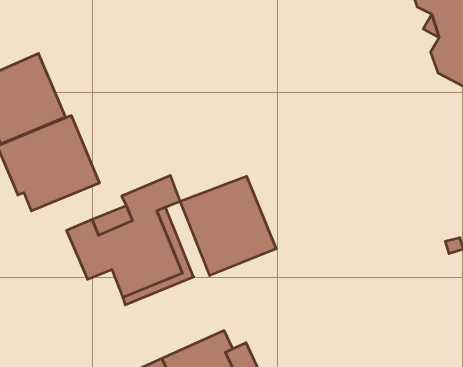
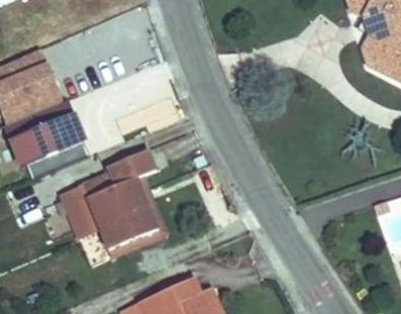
building: [180,176,276,276] -> none

